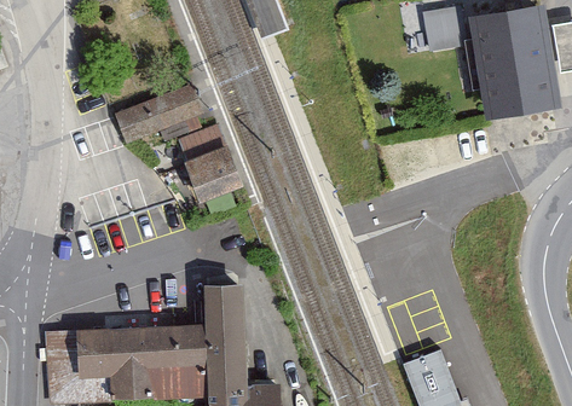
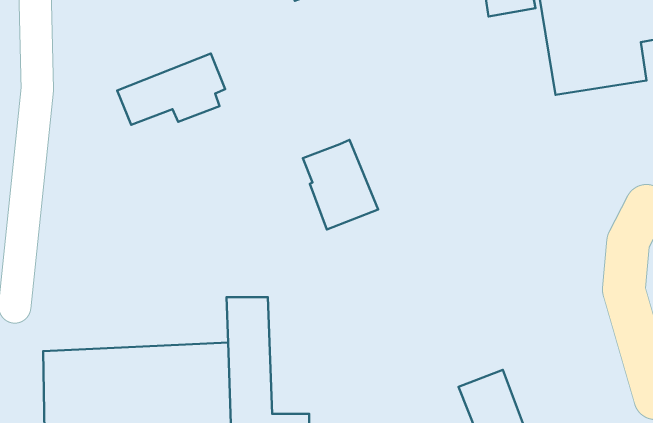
building: [178,123,242,199] -> [303,140,378,229]

